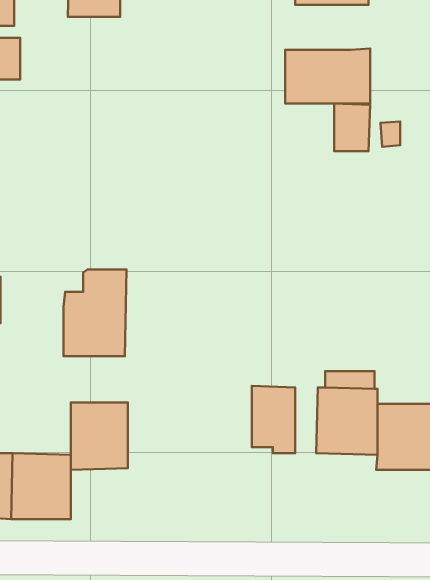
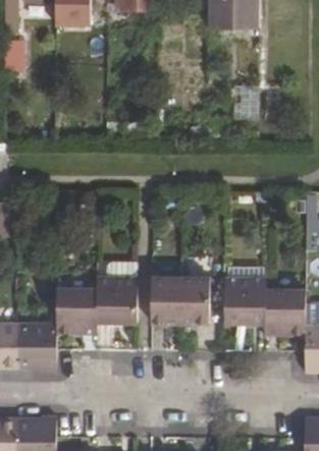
building: [285,48,370,103] -> none
building: [64,269,126,356] -> [95,263,138,322]
building: none -> [150,277,179,323]

